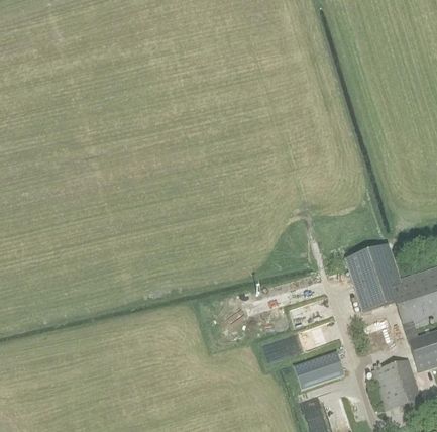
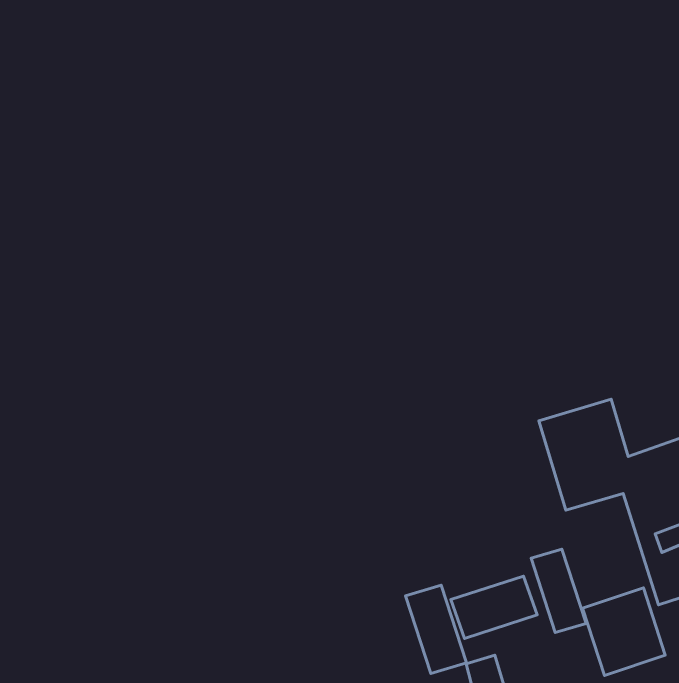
building: none -> [531,549,586,633]
building: none -> [405,585,466,674]

